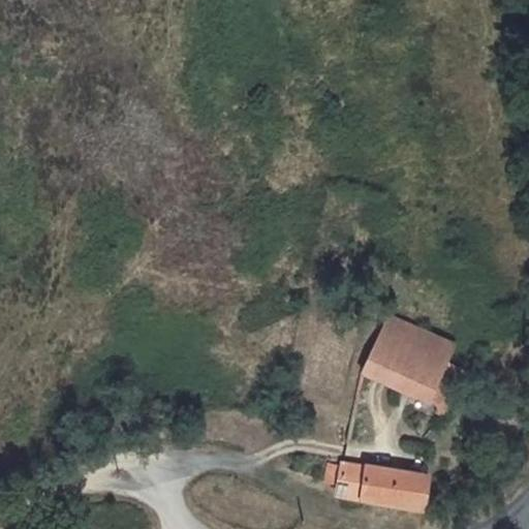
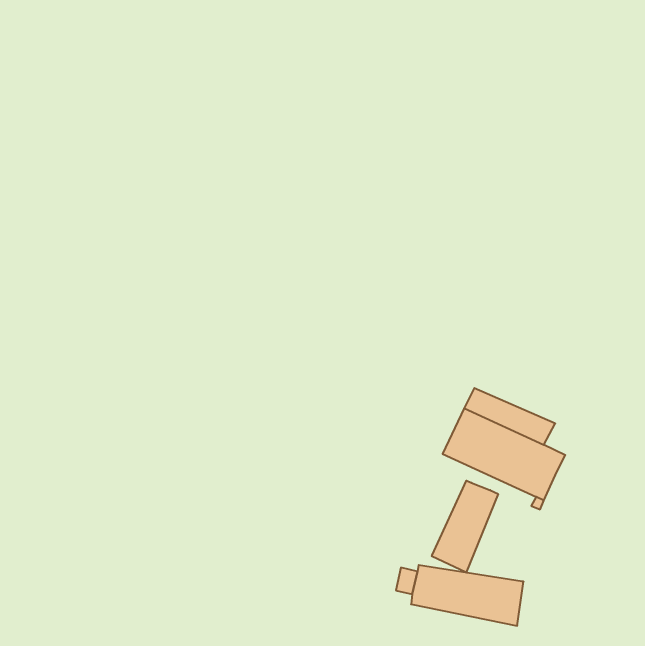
building: none -> [432,481,498,573]

